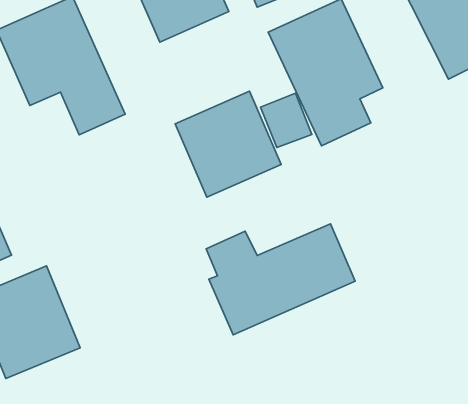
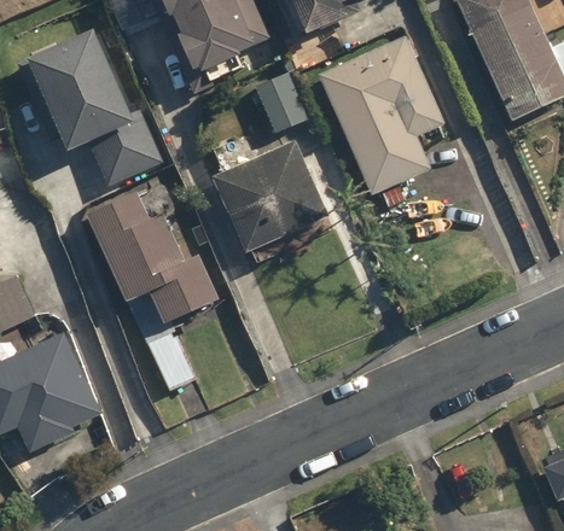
building: [261,93,312,148] -> [249,71,306,132]
building: none -> [86,188,217,325]
building: [206,224,355,335] -> none

